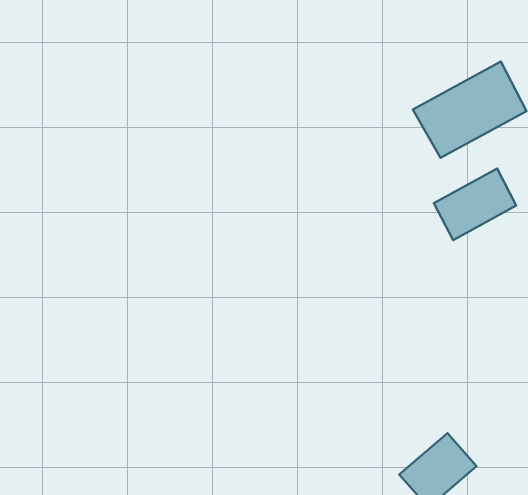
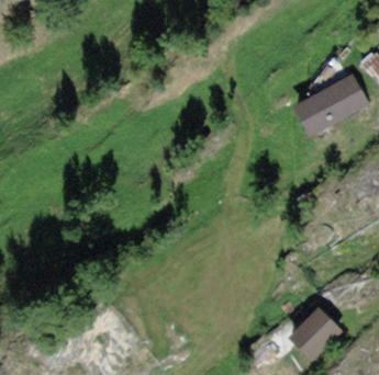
building: [434,168,516,240] -> none

